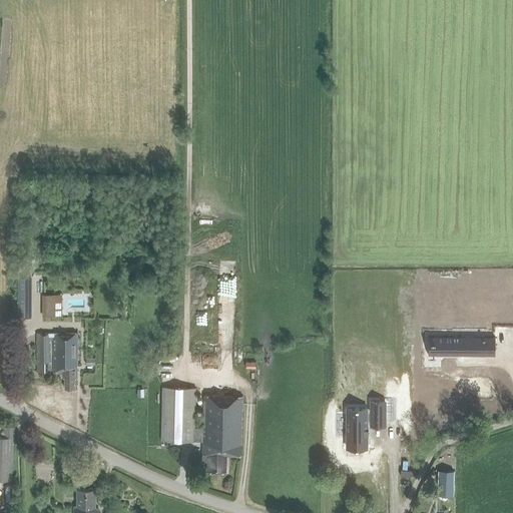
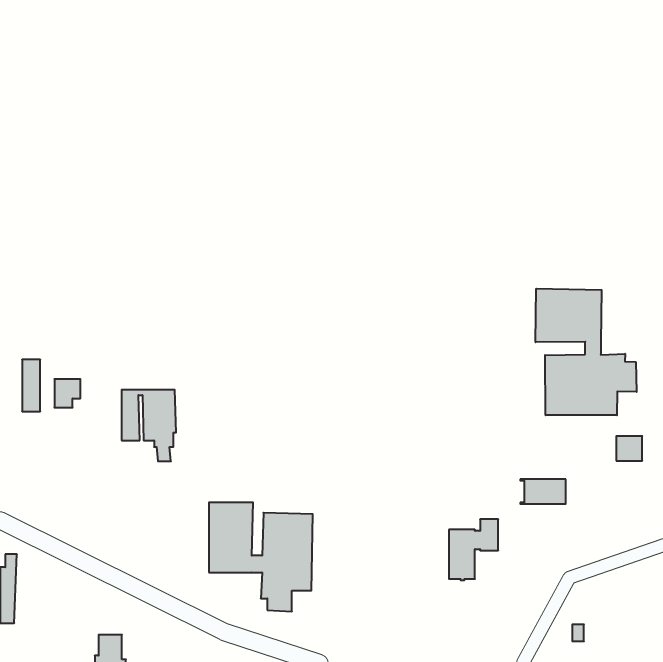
building: none -> [536,289,637,415]
building: [36,335,78,390] -> [122,390,176,461]
building: [429,338,464,357] -> [520,479,566,504]

